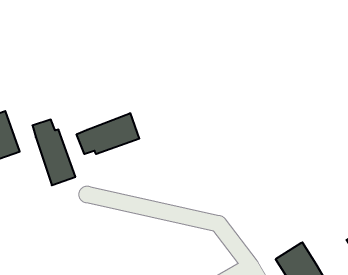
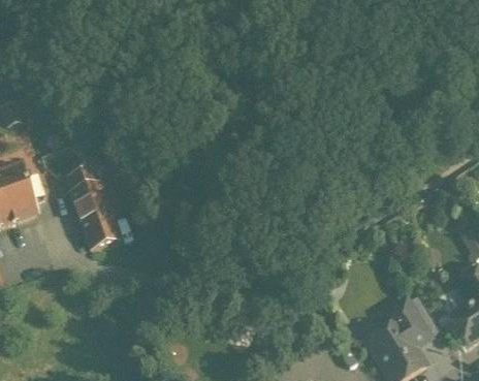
building: [77,113,139,154] -> none
building: none -> [388,297,430,347]

